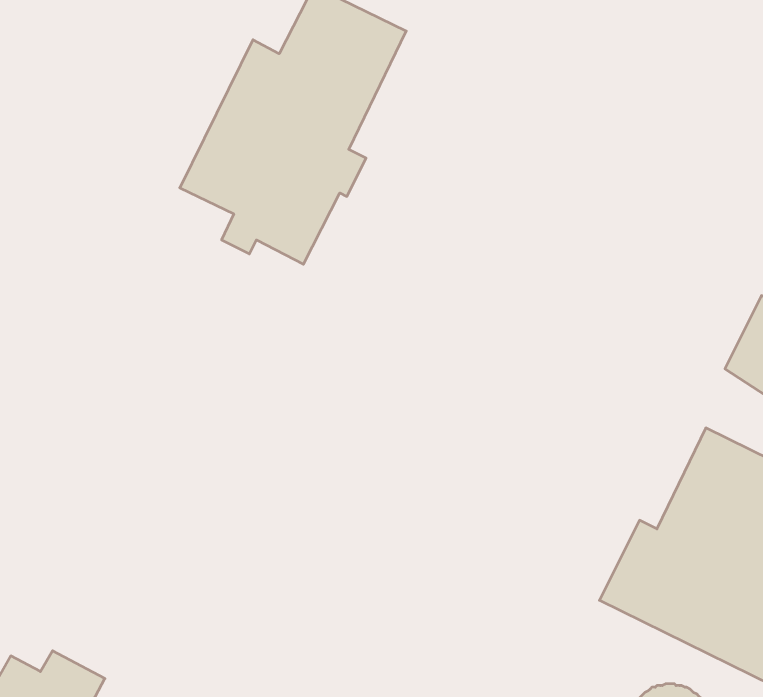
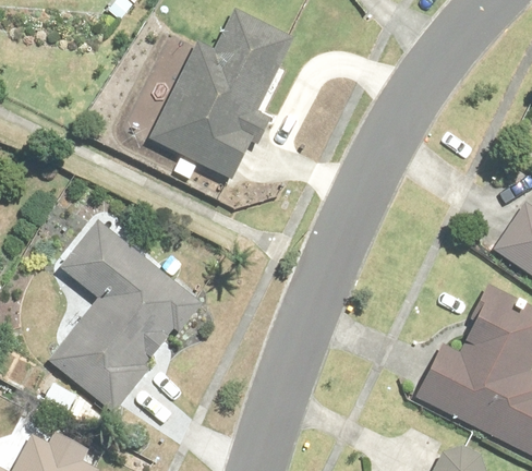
building: none -> [59,215,216,413]

